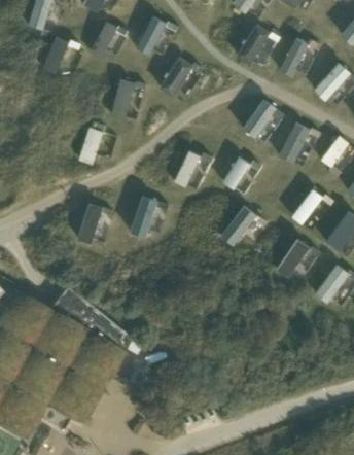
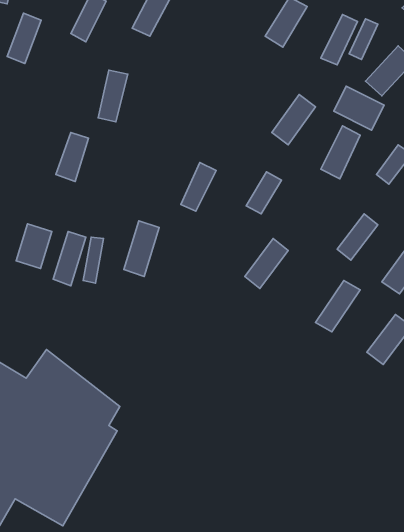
building: [160,56,193,96] -> none
building: none -> [334,86,384,130]
building: none -> [16,224,52,268]

